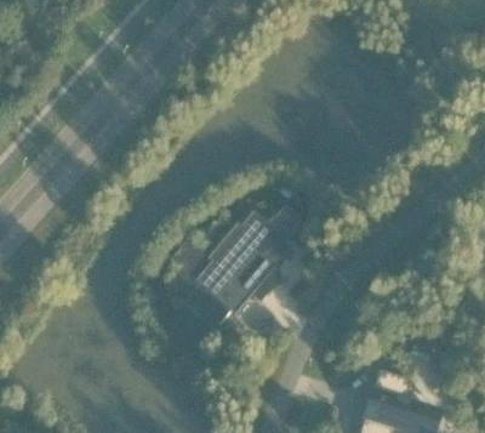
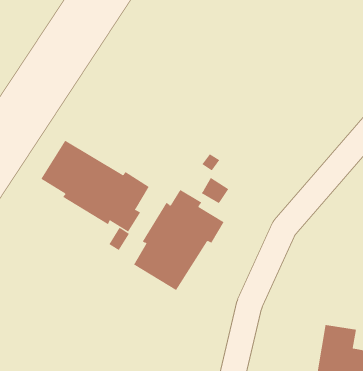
building: none -> [41,140,150,232]

